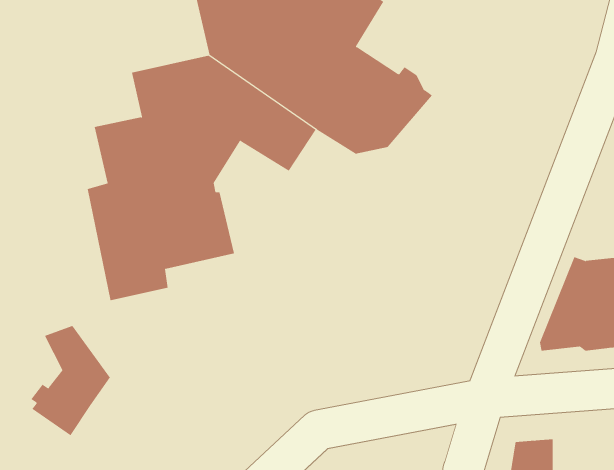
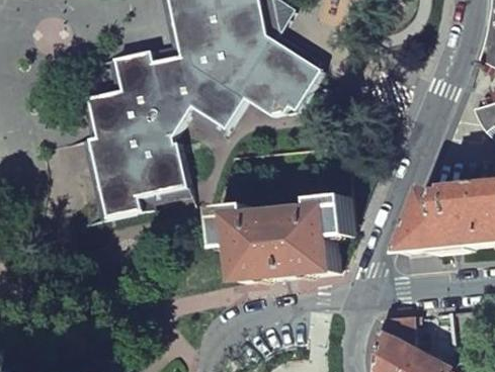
building: none -> [218,195,353,282]
building: [31,325,110,436] -> none

